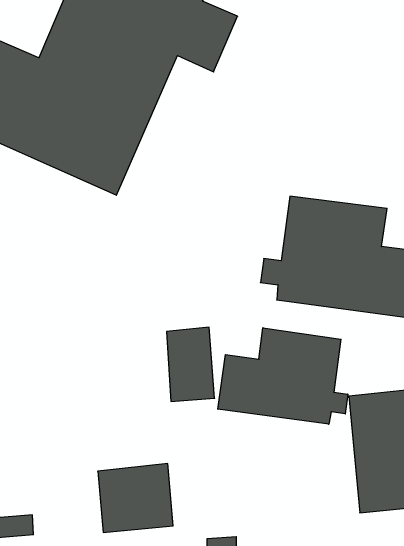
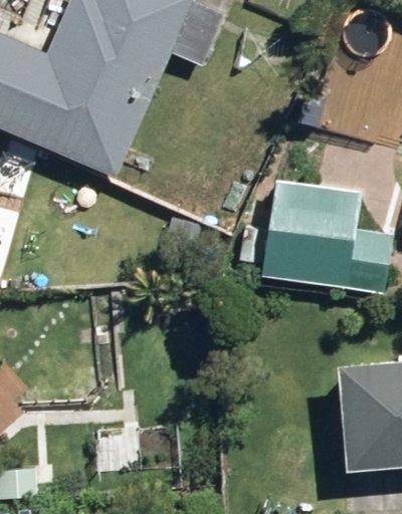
building: [218,328,348,424] -> none

